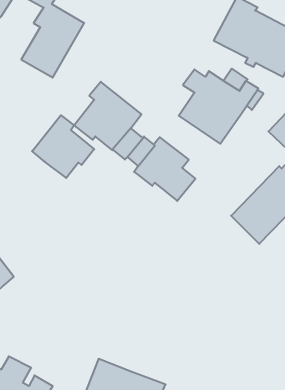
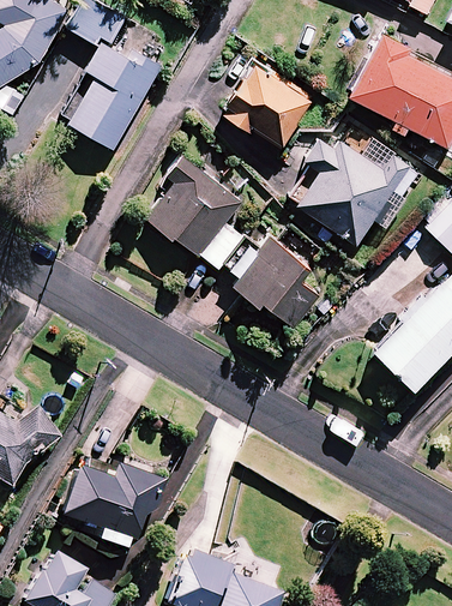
building: none -> [222,64,312,146]
building: [32,115,94,178] -> none
building: none -> [59,462,164,542]

